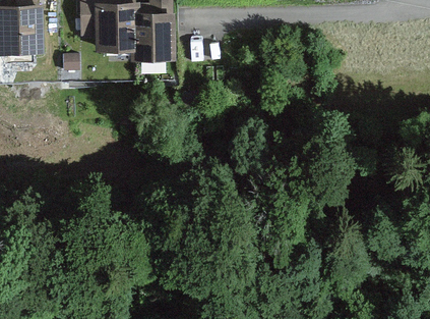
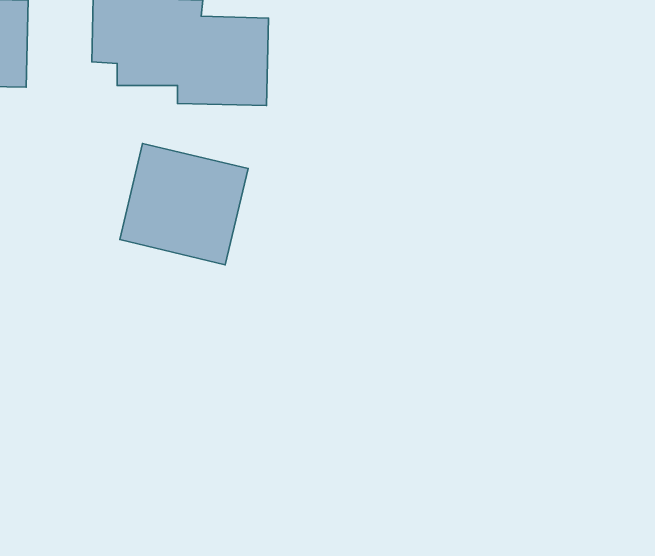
building: none -> [120,143,248,265]

